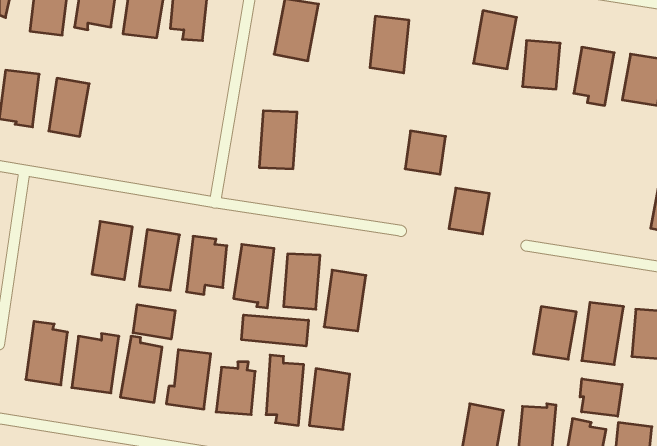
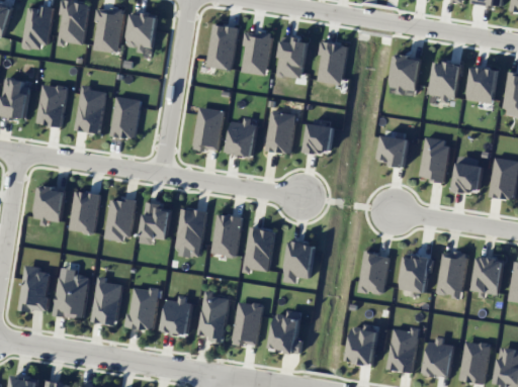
building: none -> [241,29,273,75]
building: [473,11,517,69] -> [317,40,349,84]
building: none -> [76,86,106,133]
building: none -> [110,95,142,139]
building: none -> [266,110,296,154]
building: none -> [228,116,258,157]
building: none -> [420,136,449,181]
building: none -> [453,156,484,194]
building: [449,188,489,234] -> [378,132,409,167]
building: none -> [35,185,66,222]
building: none -> [284,239,316,283]
building: none -> [359,252,390,294]
building: [133,305,175,339] -> none
building: [242,315,308,346] -> none
building: [580,379,622,416] -> none
building: none -> [270,309,304,354]

